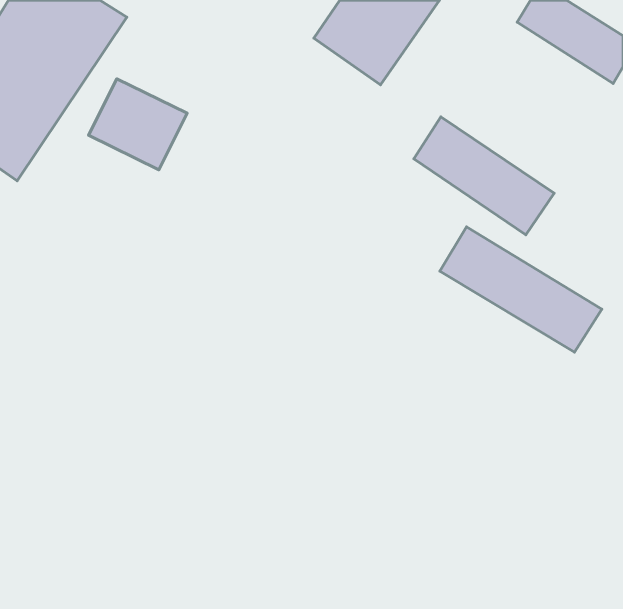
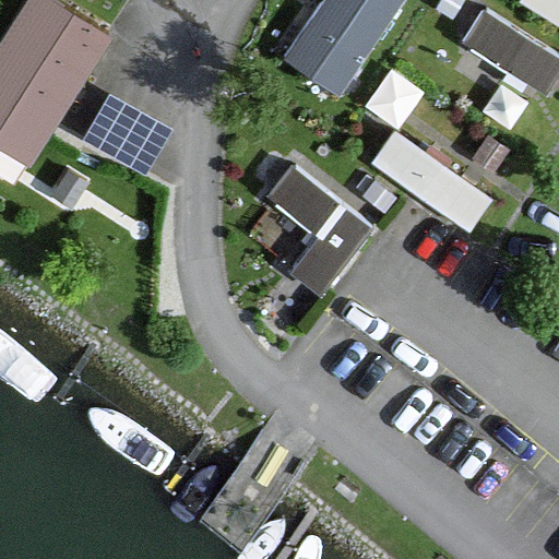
building: none -> [265,160,373,292]
building: [440,227,602,352] -> none

